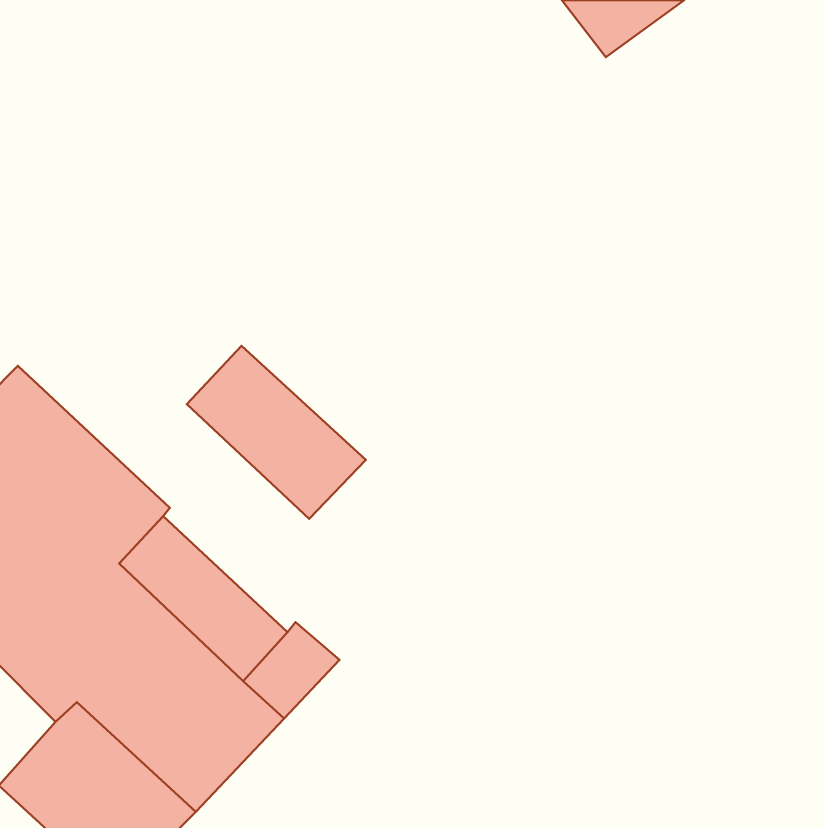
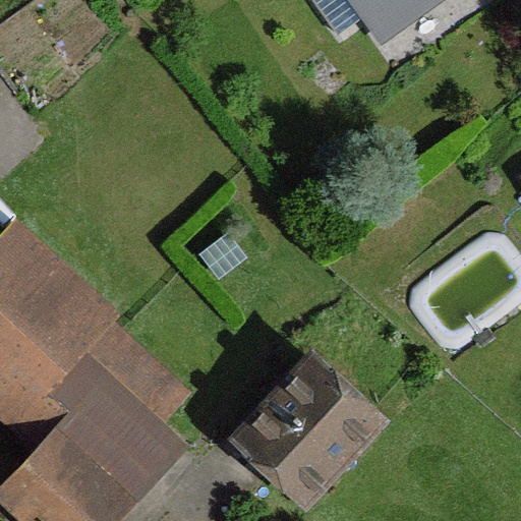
building: [187,346,366,519] -> none
building: none -> [239,366,372,500]

